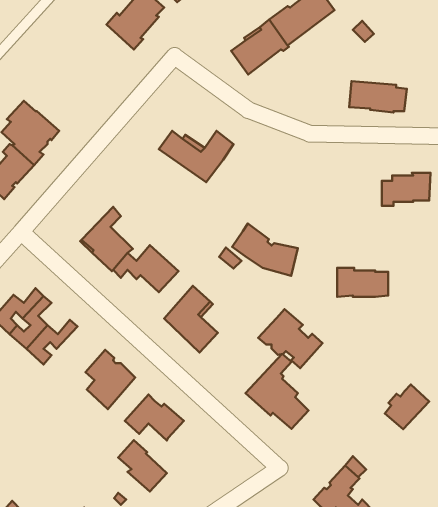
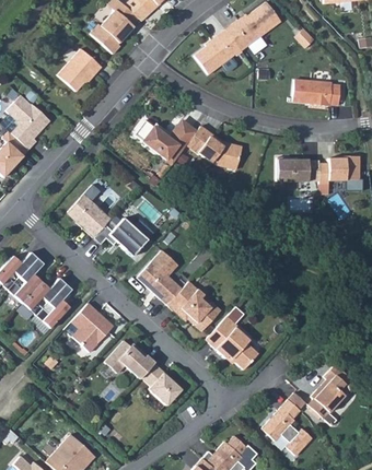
building: none -> [57,48,101,91]
building: [232,223,298,276] -> [187,126,242,169]
building: [337,268,388,297] -> [277,157,319,181]
building: [258,309,323,368] -> [167,282,221,331]
building: none -> [37,284,72,329]
building: [385,385,429,429] -> [309,381,346,419]
building: [118,440,167,491] -> [141,363,182,406]

